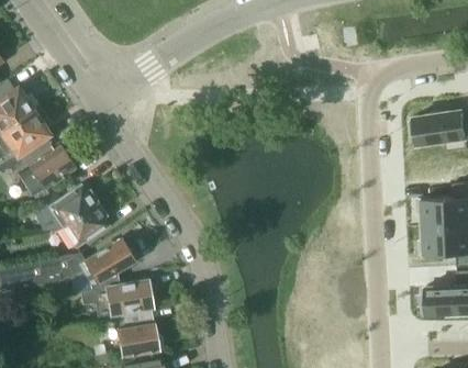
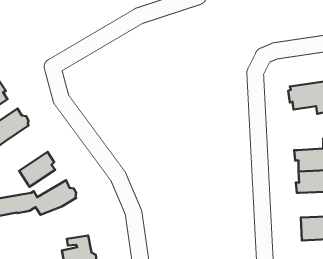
building: [47,185,98,226] -> none
building: [89,272,151,315] -> none

